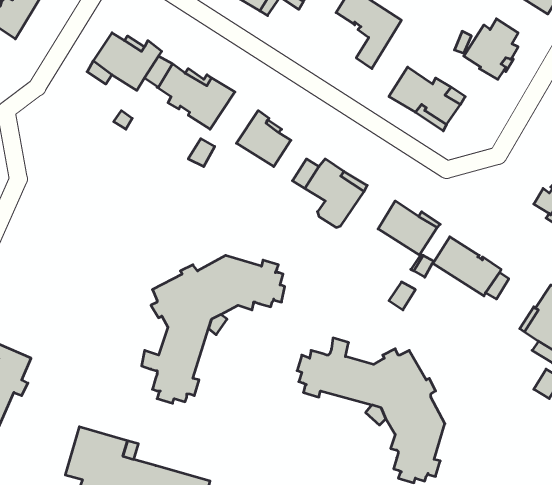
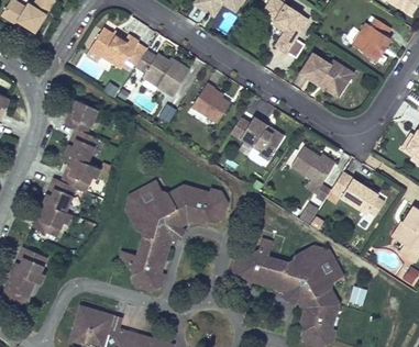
building: none -> [32,99,100,236]
building: none -> [125,180,161,220]
building: none -> [304,245,343,280]

